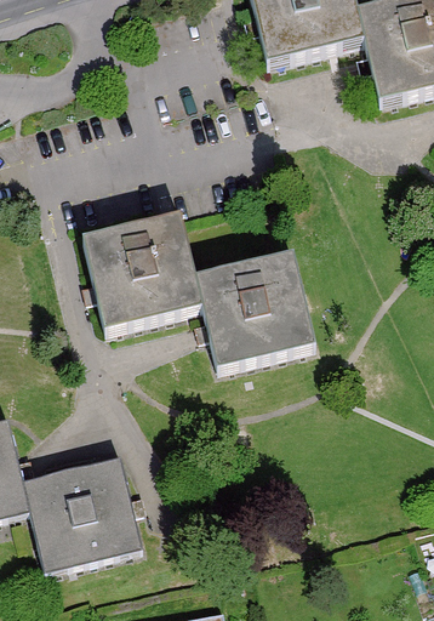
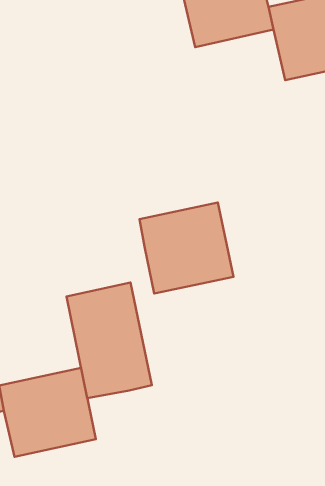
building: [90,218,201,326] -> none
building: none -> [66,282,152,398]

